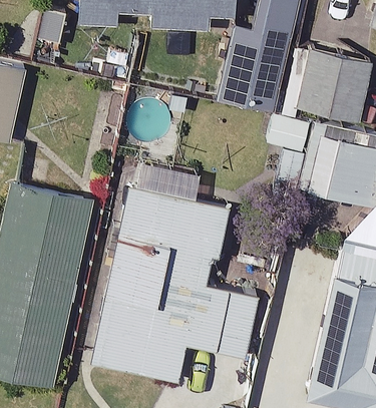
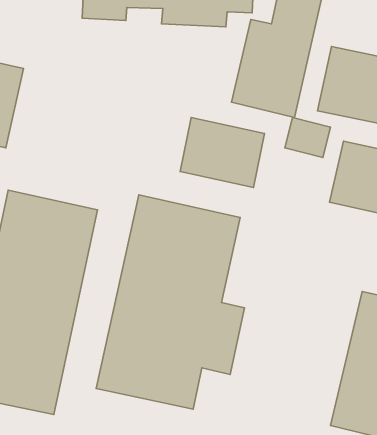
building: none -> [180,117,265,188]

